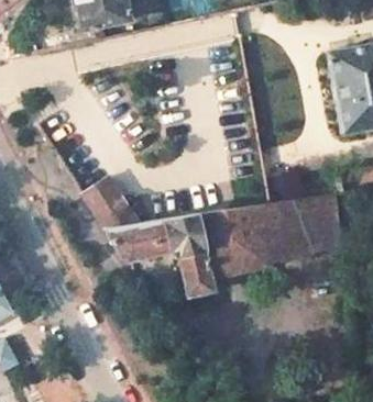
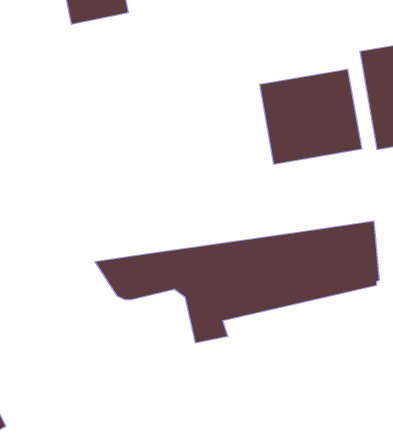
building: none -> [260,69,362,164]
building: [83,179,141,228] -> none

